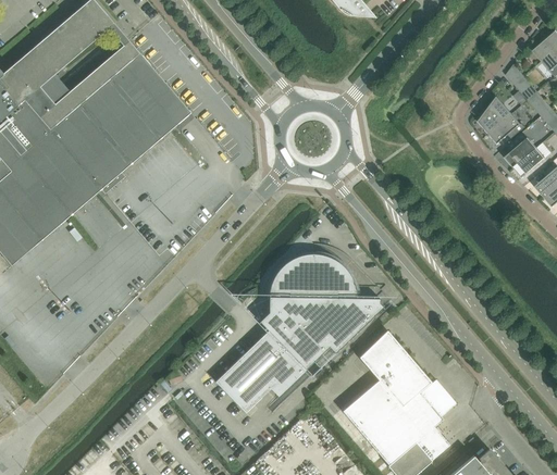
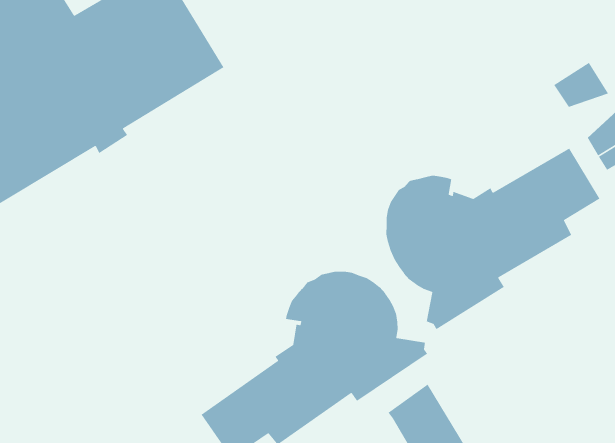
building: none -> [553,62,609,108]
building: none -> [386,147,601,330]

